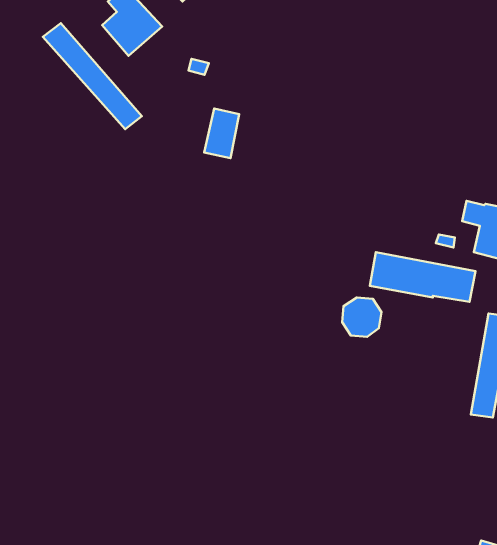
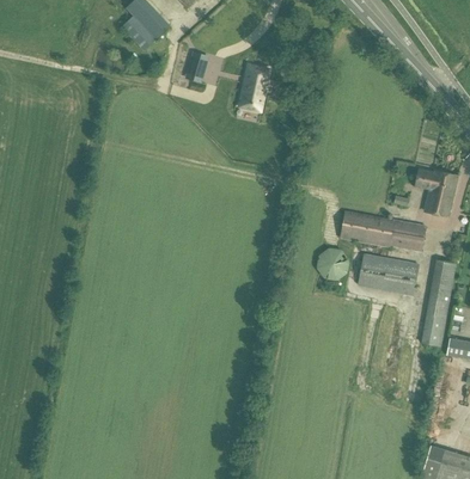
building: [43,23,142,129] -> none
building: [204,108,239,158] -> [240,65,269,105]
building: none -> [358,253,420,295]

